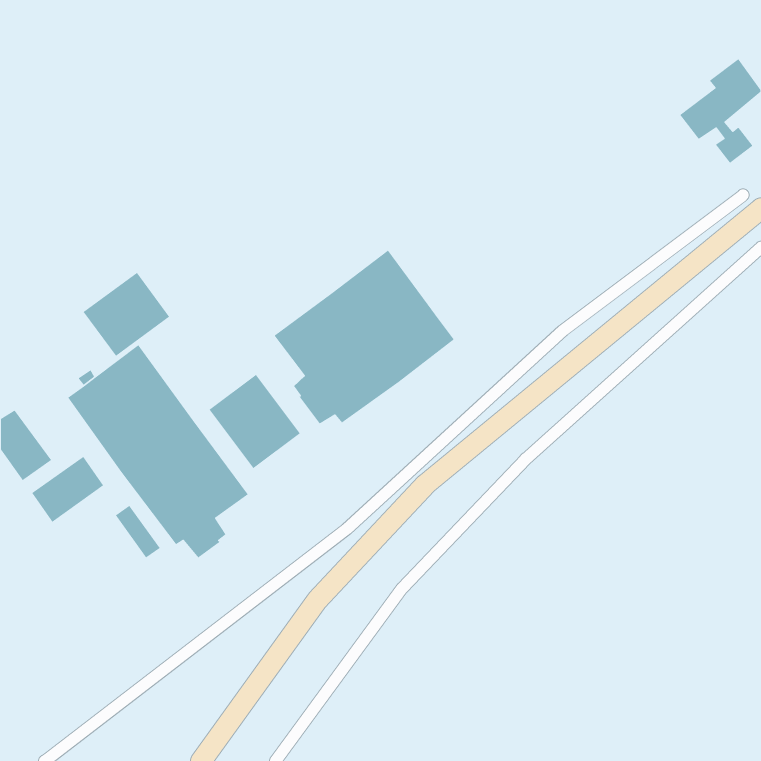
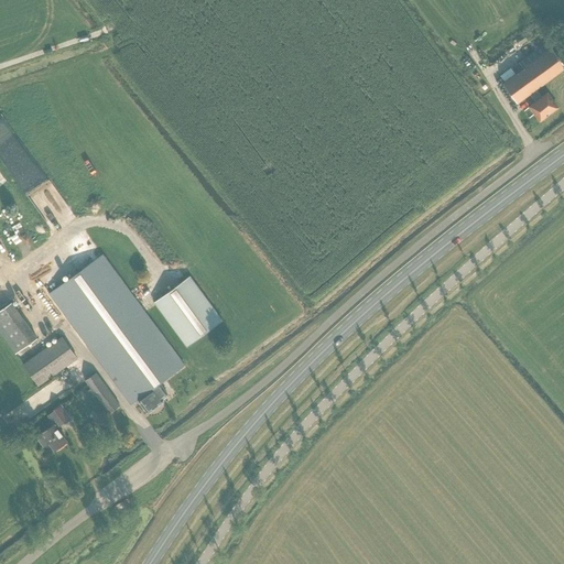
building: [274,249,455,424] -> none
building: [83,272,170,357] -> none
building: none -> [36,405,70,451]

